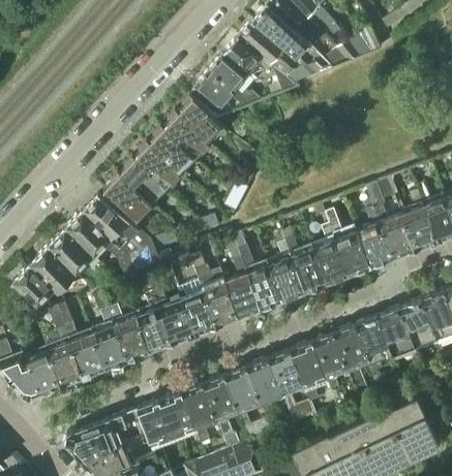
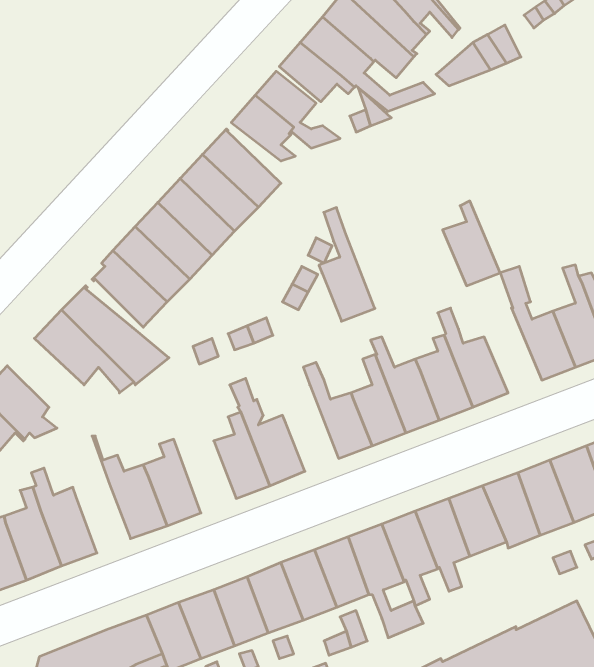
building: [357,211,394,265] -> [443,201,500,286]
building: [49,230,116,282] -> none
building: [227,243,263,316] -> [319,208,375,321]
building: [156,292,197,343] -> none
building: [91,293,128,369] -> none

